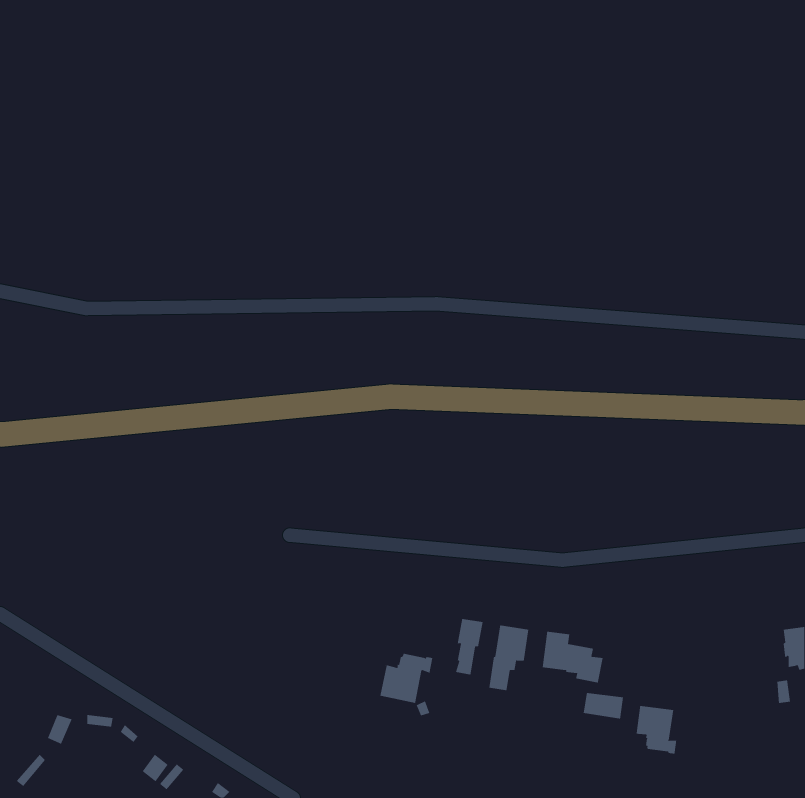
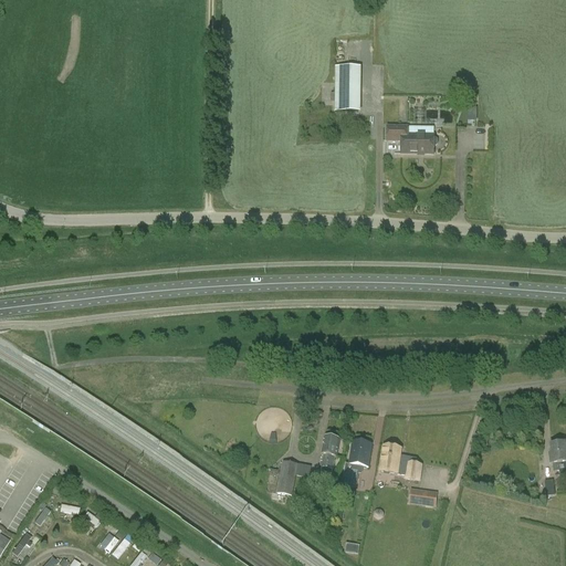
building: none -> [331,63,361,109]
building: none -> [387,124,438,151]
building: [634,705,677,755] -> none

